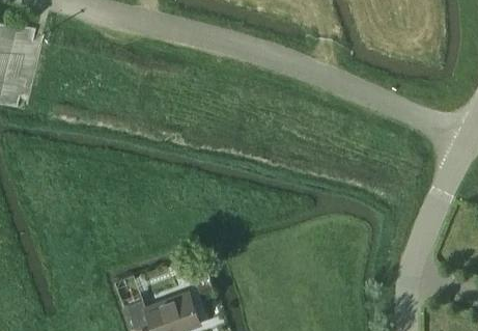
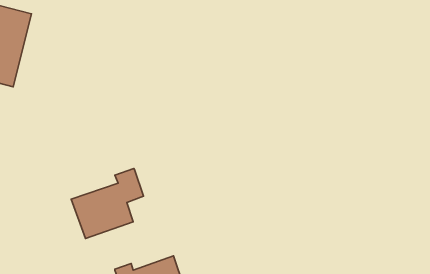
building: none -> [71,169,143,239]

